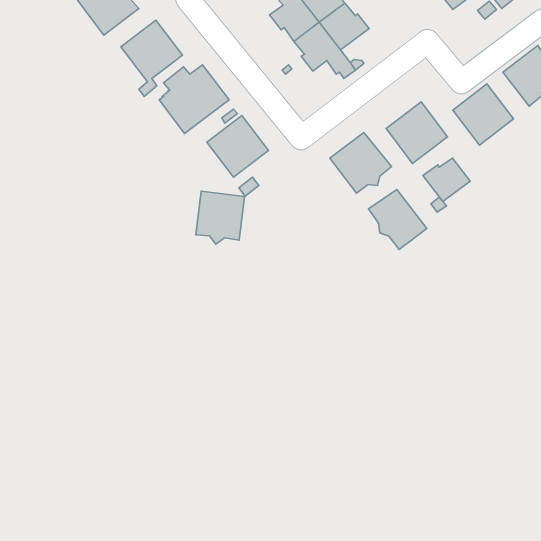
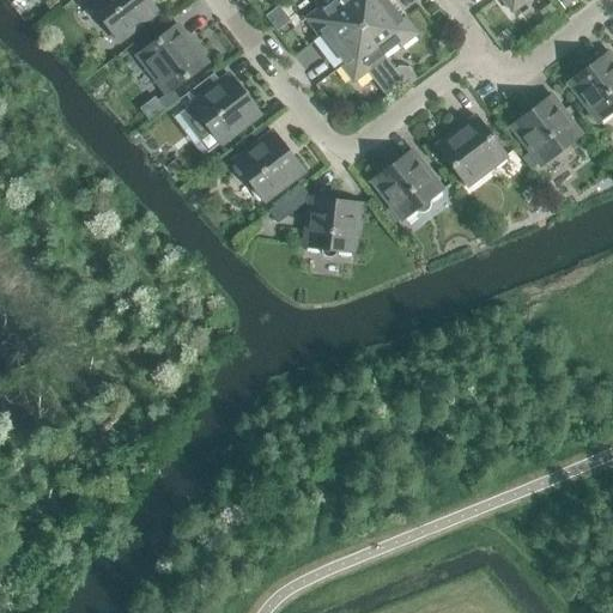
building: [423,158,470,201] -> none
building: [368,189,427,250] -> none
building: [196,191,245,244] -> [305,196,360,256]

